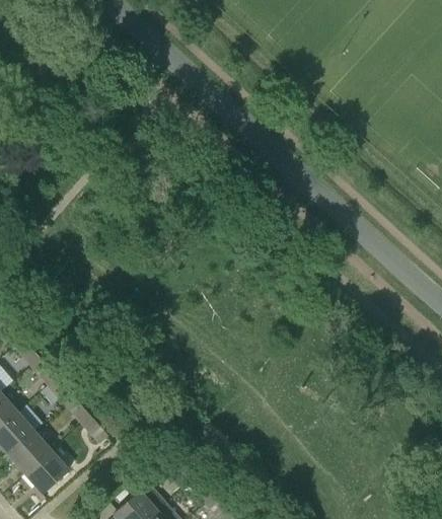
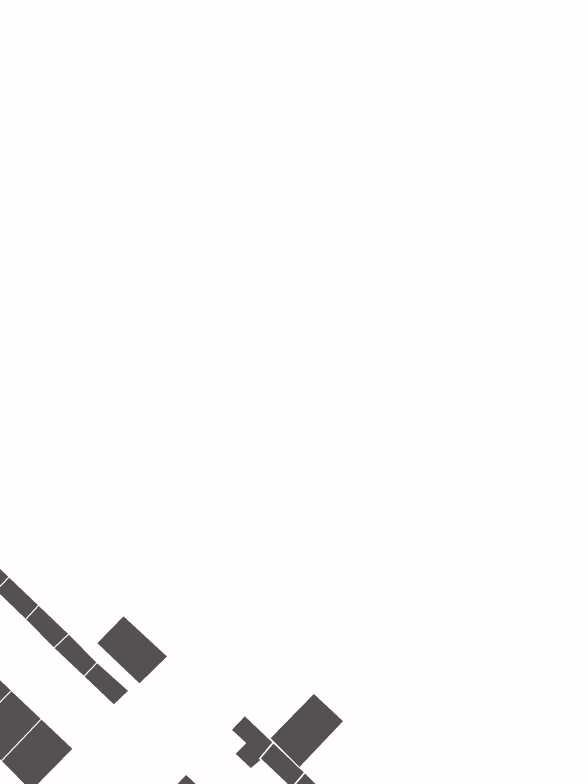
building: none -> [97,615,168,684]
building: none -> [270,693,344,768]

